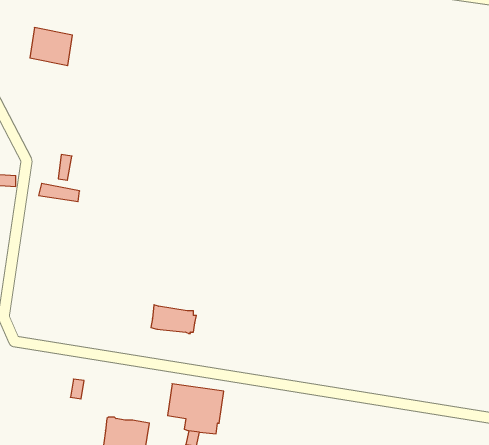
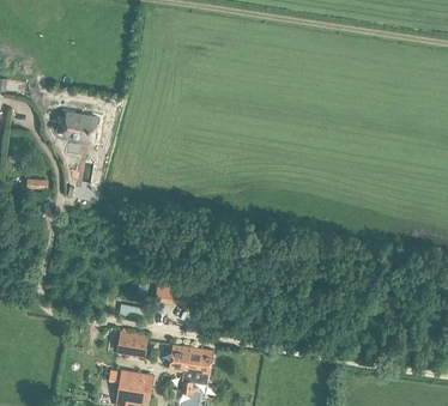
building: [30,28,72,66] -> [62,113,96,143]
building: none -> [115,332,147,358]

